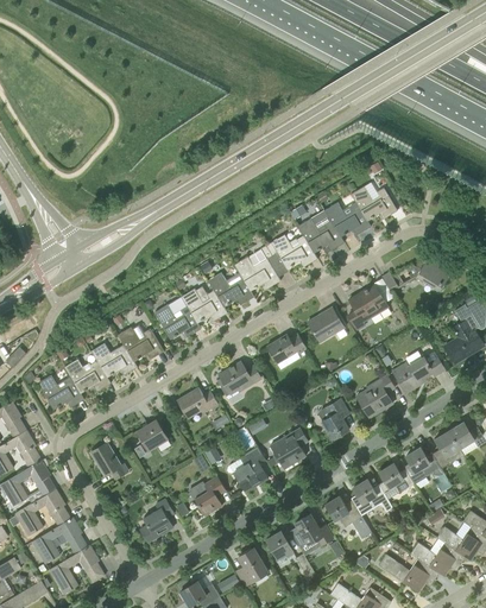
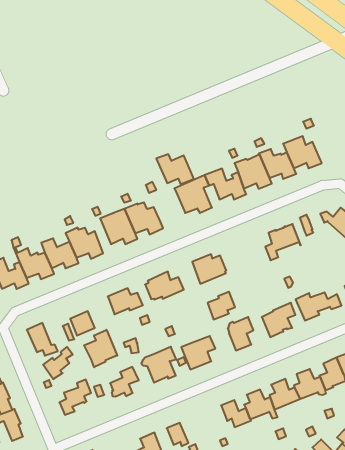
building: [208,272,254,306] -> [156,154,194,184]
building: [310,308,342,342] -> [208,292,235,319]
building: none -> [84,330,117,367]
building: none -> [43,347,73,379]
building: [295,514,333,549] -> none

